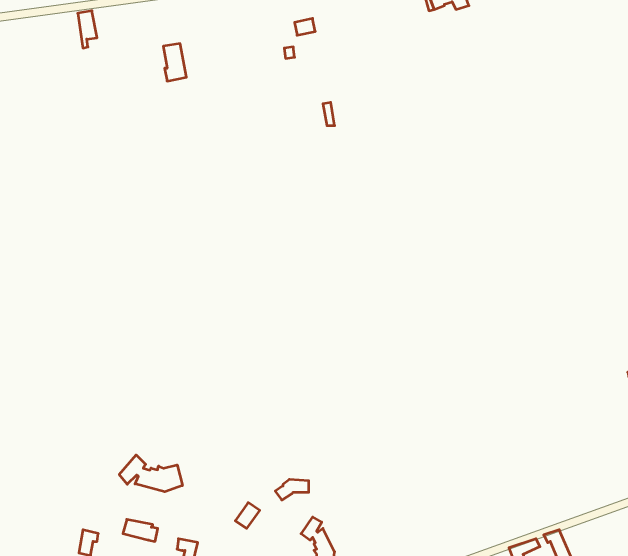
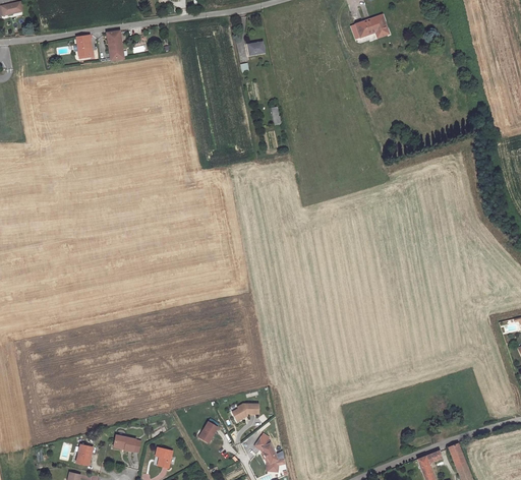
building: [163,44,186,81] -> [107,31,125,60]
building: [119,455,182,492] -> none

